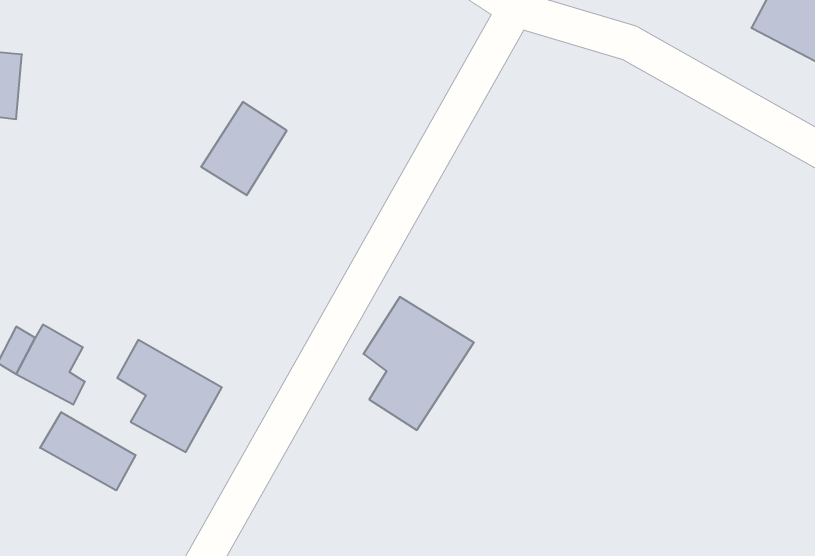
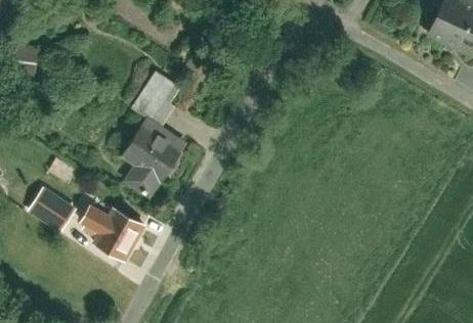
building: [363,297,474,430] -> [124,125,183,196]
building: [40,412,136,490] -> none

